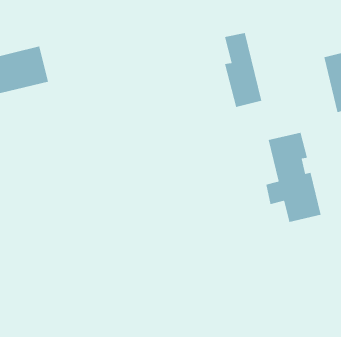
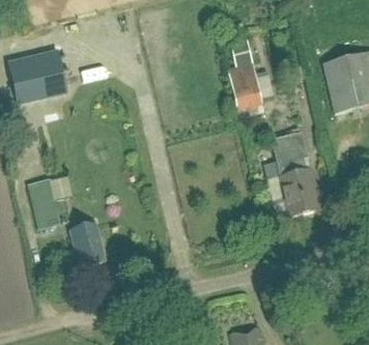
building: none -> [27,177,60,228]
building: none -> [70,223,105,266]

